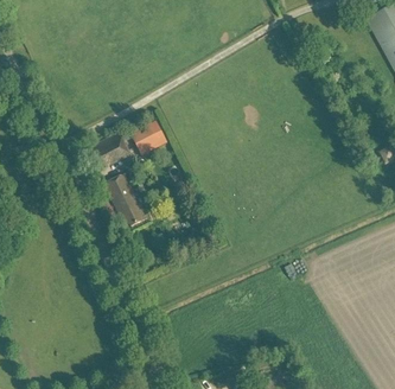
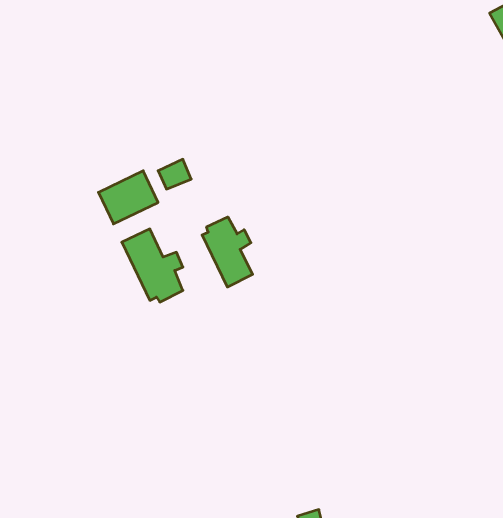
building: none -> [202,217,253,287]

